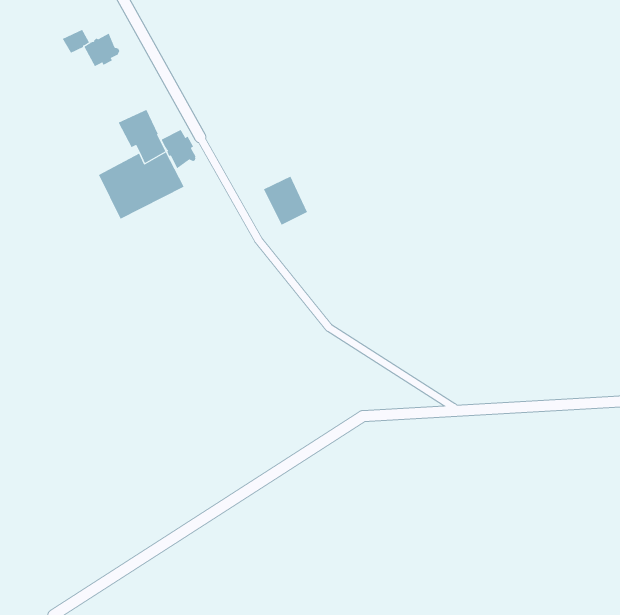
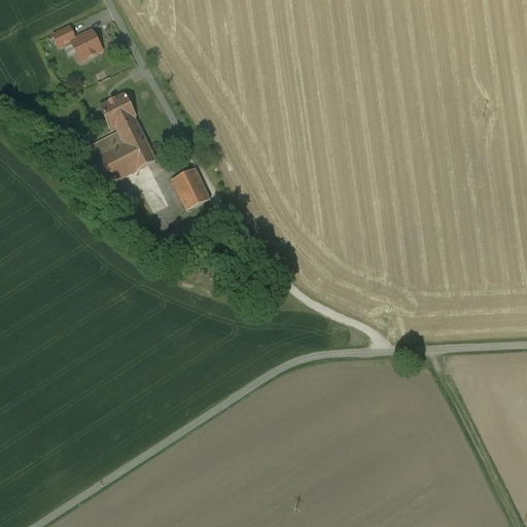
building: [161,129,196,169] -> none
building: [263,176,308,225] -> [172,167,210,209]

